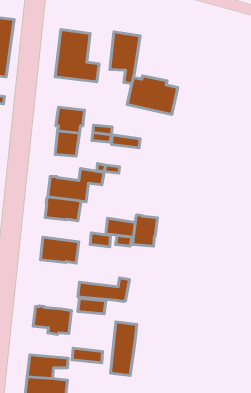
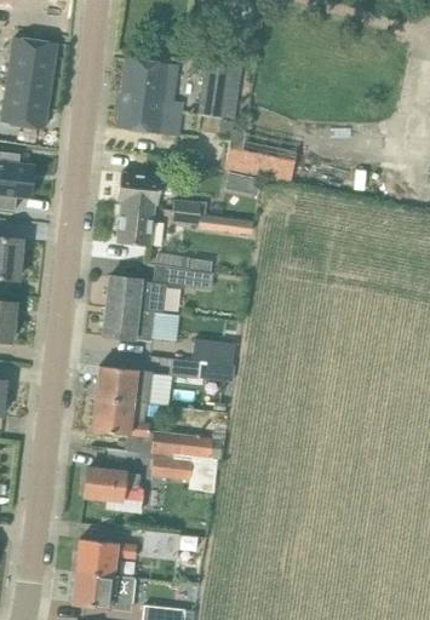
building: [133,215,157,246] -> none
building: none -> [92,400,150,437]
building: [111,322,137,375] -> none

